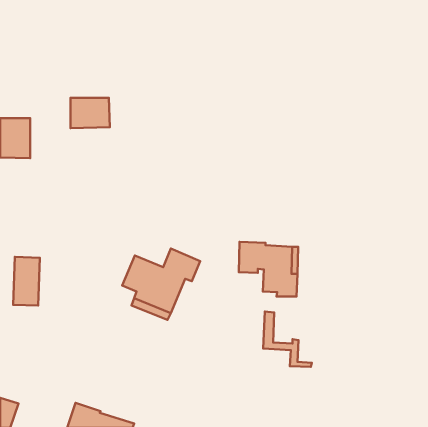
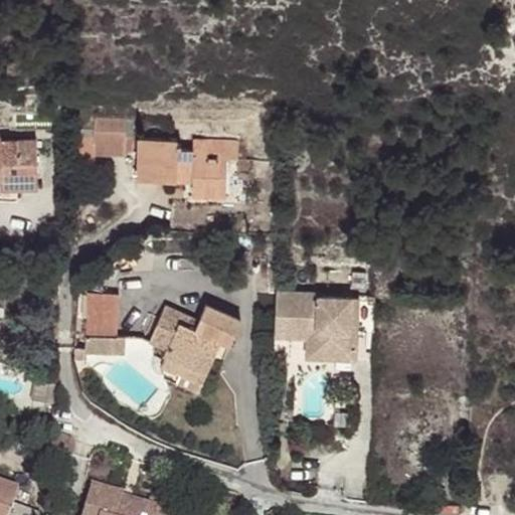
building: none -> [136,142,237,199]
building: [13,257,40,306] -> [87,298,119,356]
building: [263,312,312,367] -> [275,291,333,357]

